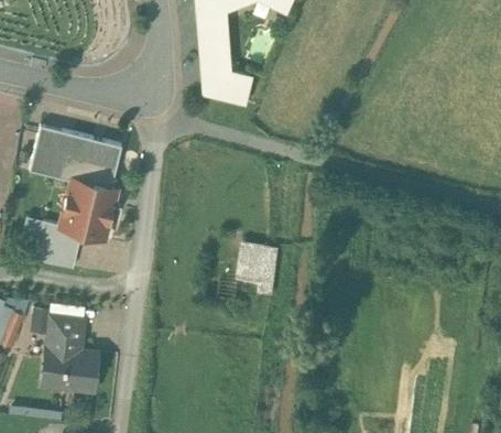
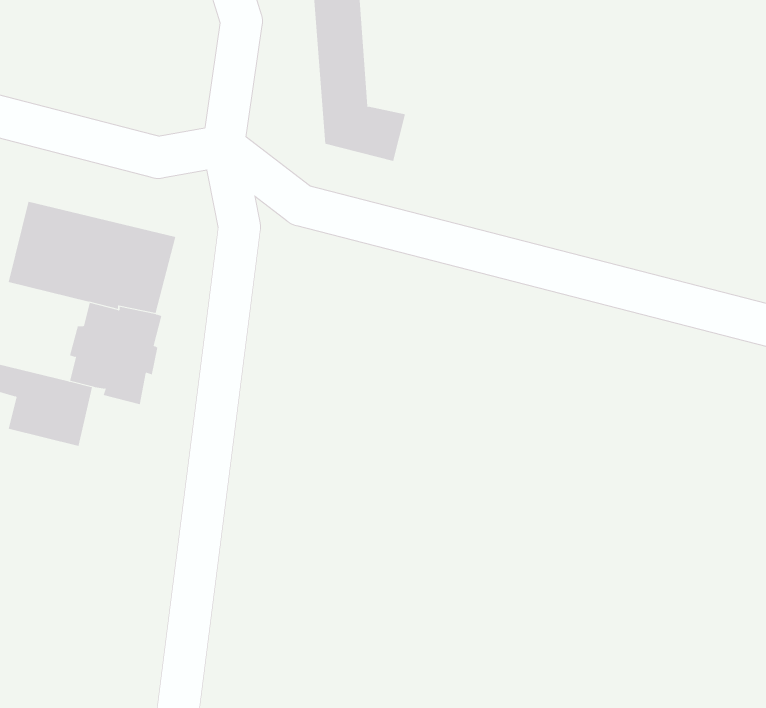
building: [238,246,277,285] -> none
building: [40,314,100,397] -> none

